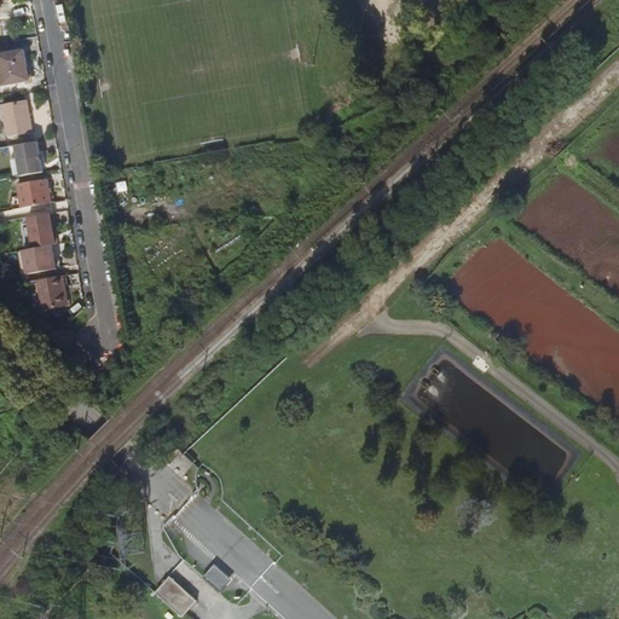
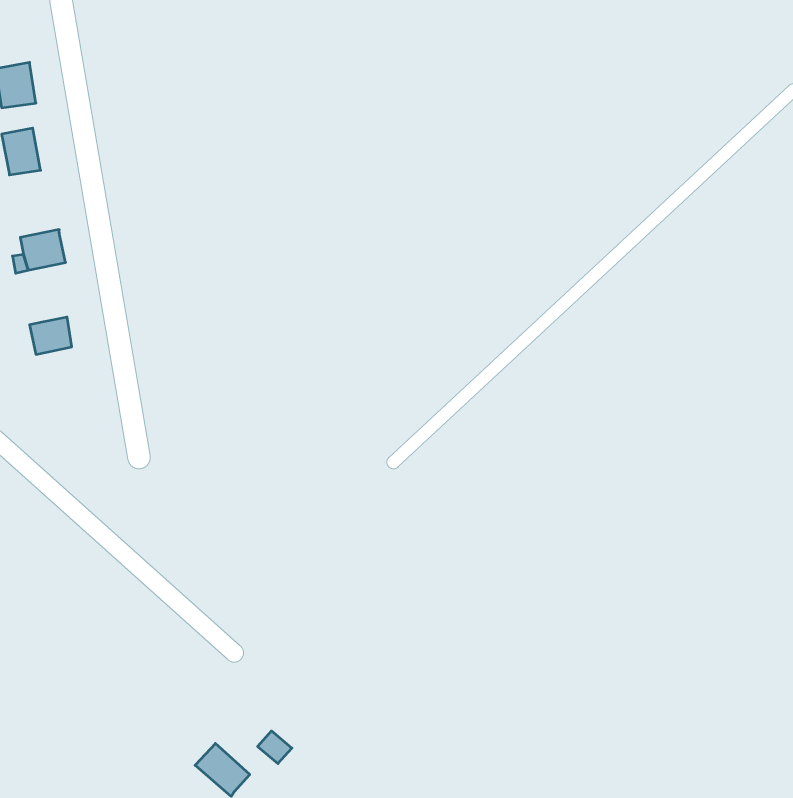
building: [15,140,42,175] -> none
building: [28,214,56,249] -> none
building: [36,276,65,310] -> none

